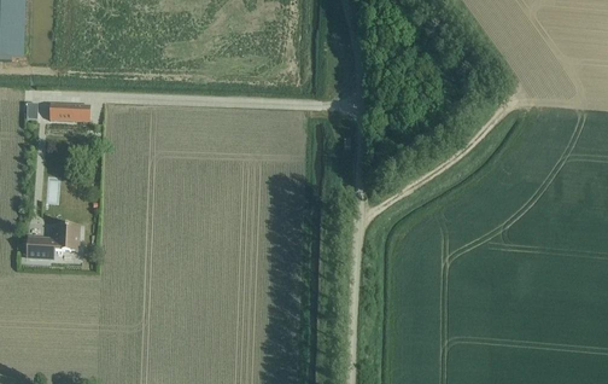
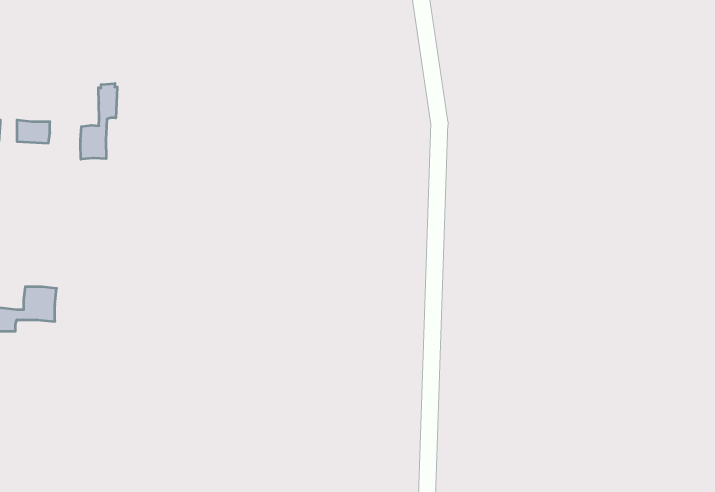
building: none -> [80,83,117,159]

